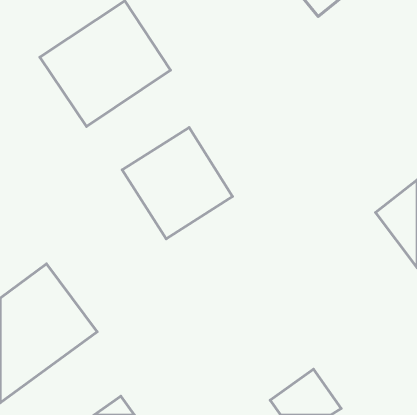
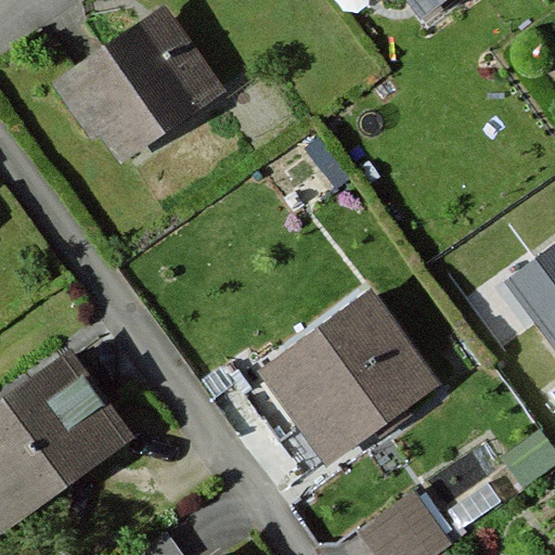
building: [122,128,232,239] -> none
building: none -> [258,292,438,464]

